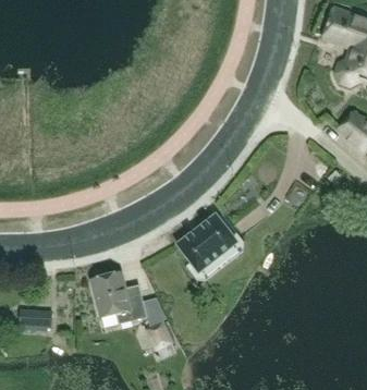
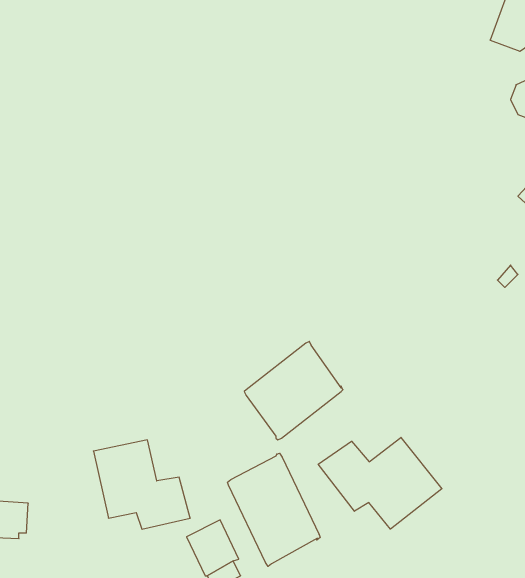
building: none -> [318,437,442,529]
building: none -> [228,453,320,566]

